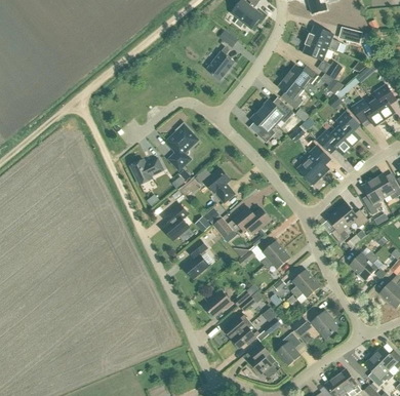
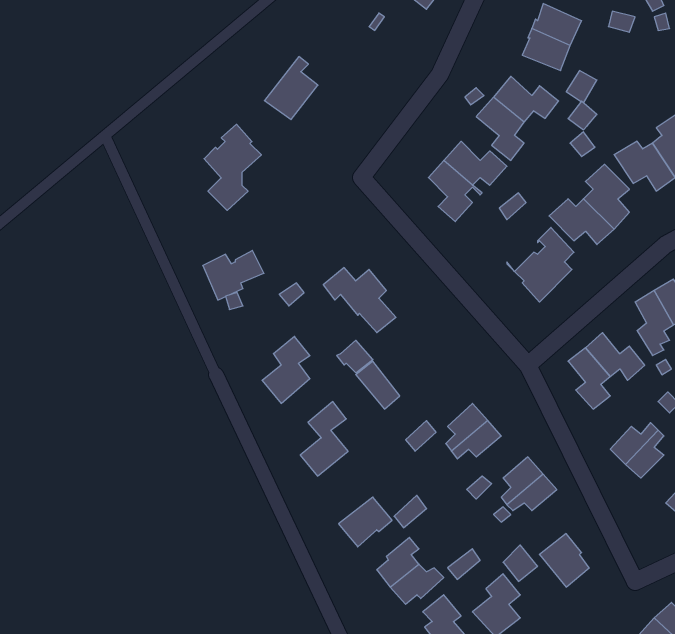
building: [206,46,235,80] -> [264,57,318,120]
building: [167,123,198,169] -> [204,124,261,210]
building: [234,207,271,235] -> none

